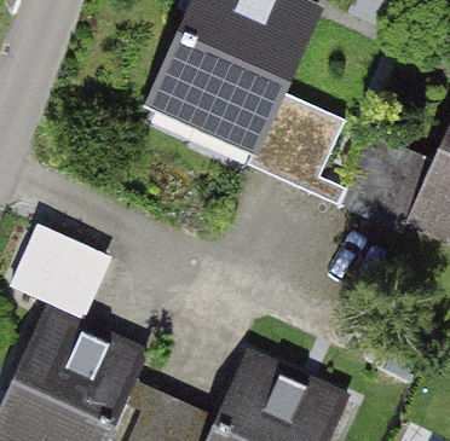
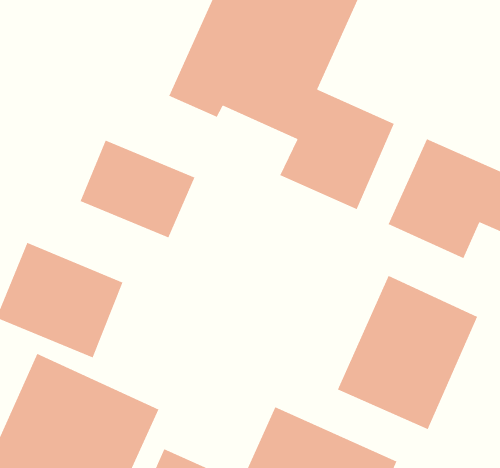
building: none -> [79,139,196,238]
building: none -> [337,275,478,430]

